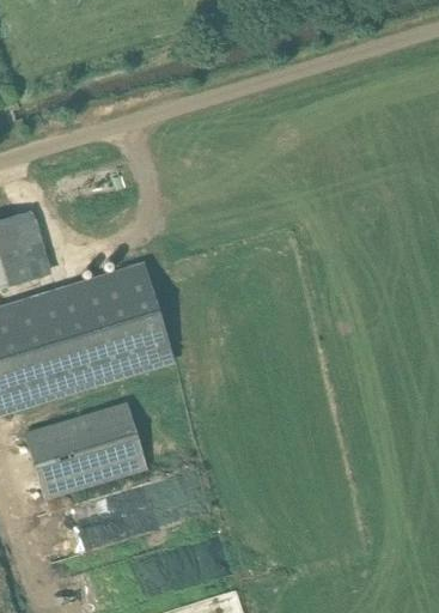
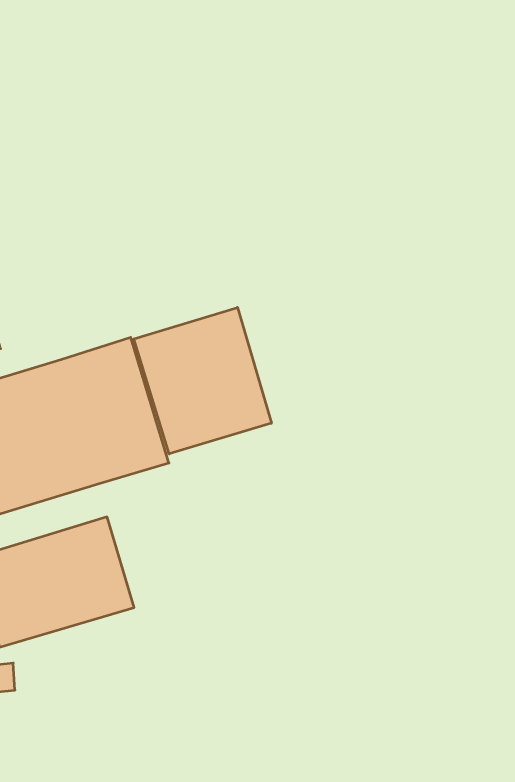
building: none -> [134,307,271,454]

